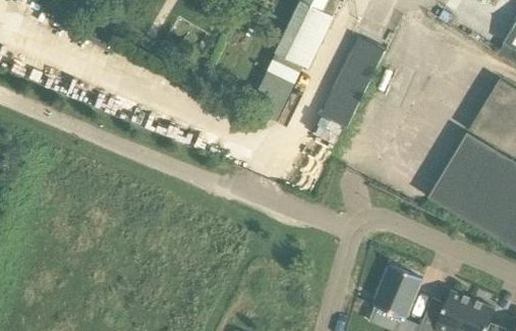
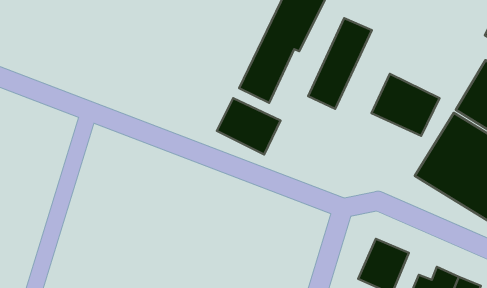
building: none -> [372,74,440,136]
building: none -> [217,98,280,155]

